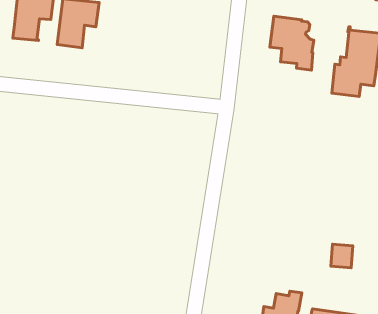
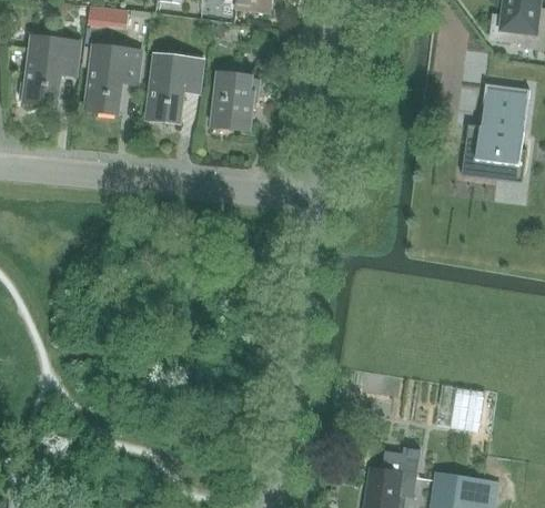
building: none -> [145,53,203,121]
building: [270,16,314,70] -> none
building: none -> [211,71,260,129]

